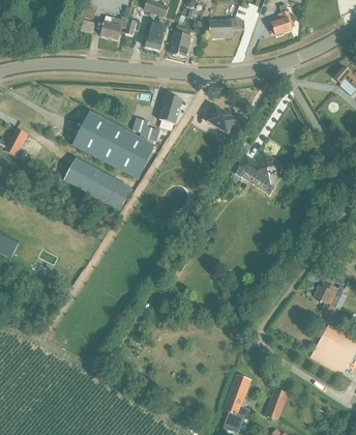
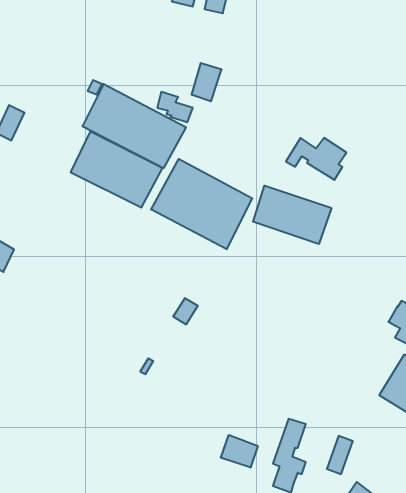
building: [207,107,237,134] -> none
building: none -> [151,159,252,249]
building: none -> [253,186,331,244]
building: none -> [221,435,258,468]

